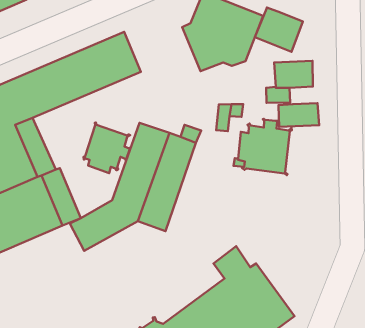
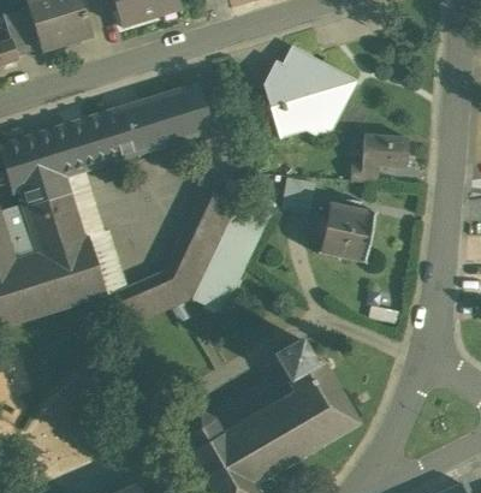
building: [255,8,303,52] -> none
building: [279,103,319,127] -> none
building: [83,122,130,173] -> none

